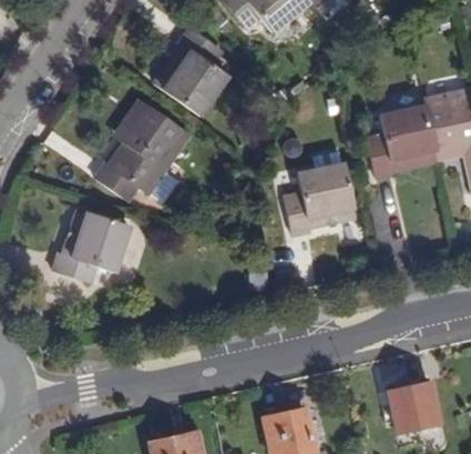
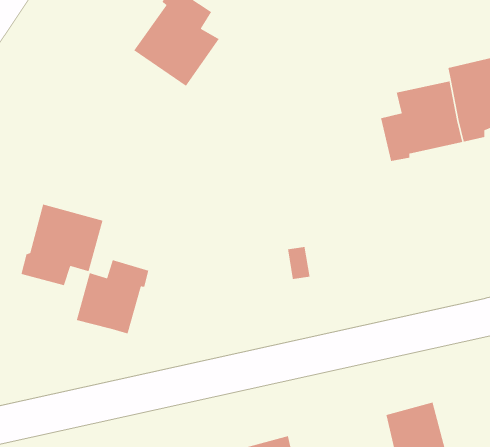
building: [103,102,190,203] -> none
building: [288,161,359,232] -> none
building: none -> [76,259,149,335]

